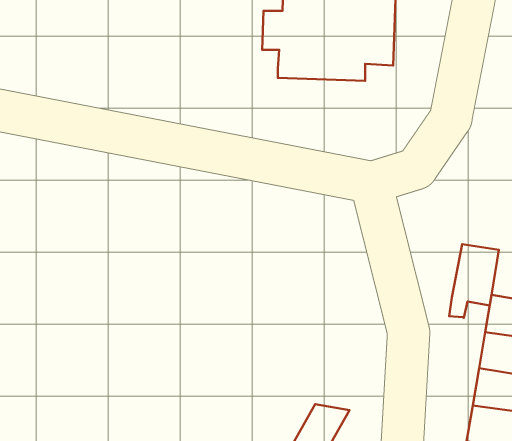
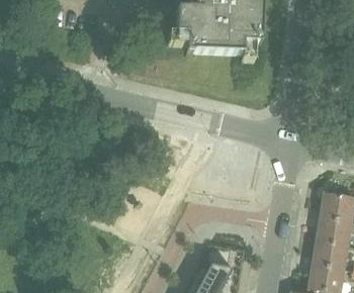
building: [449,244,499,318] -> none

